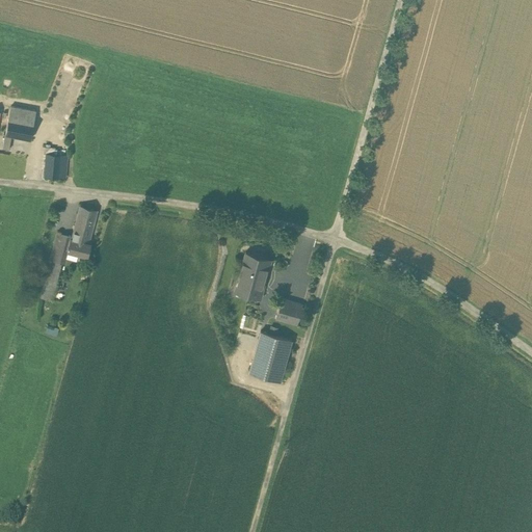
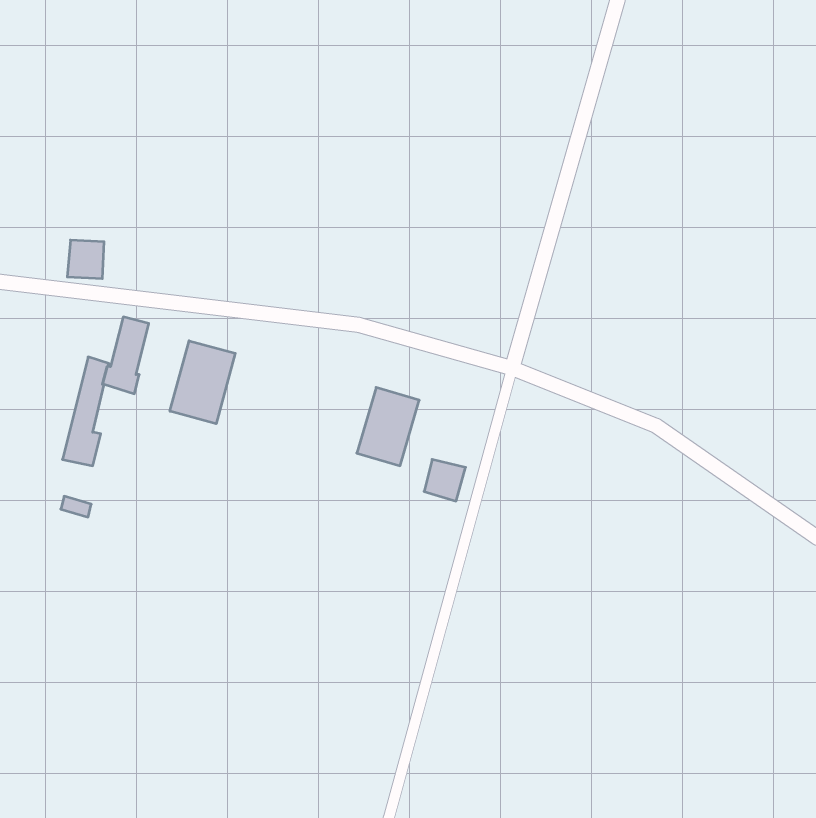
building: [5,107,35,141] -> none
building: none -> [170,341,235,424]
building: [249,330,293,380] -> none

